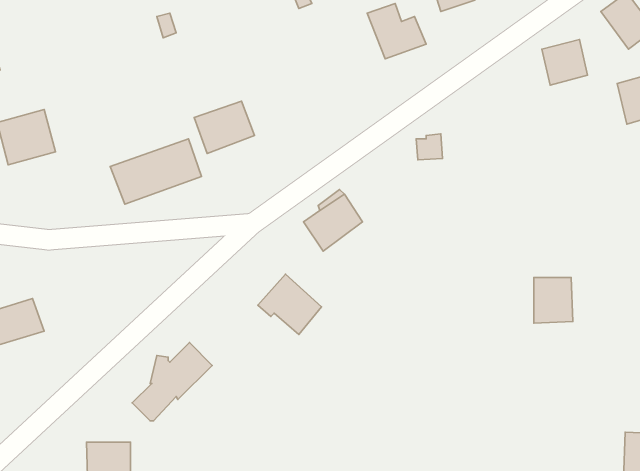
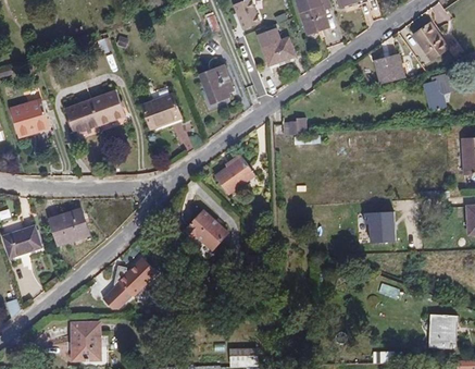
building: none -> [200,66,235,104]
building: [110,139,202,204] -> [65,90,126,134]
building: none -> [50,209,90,246]

